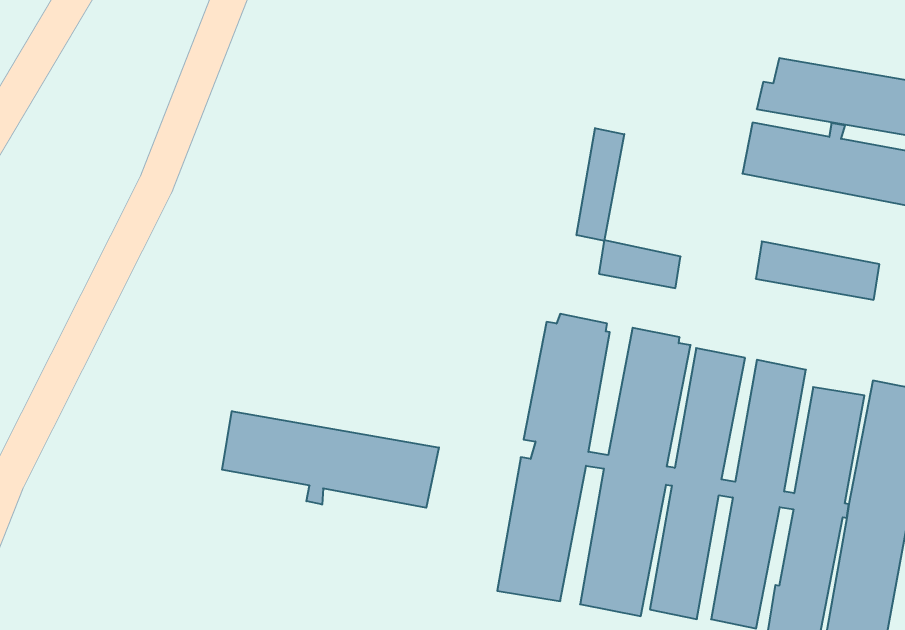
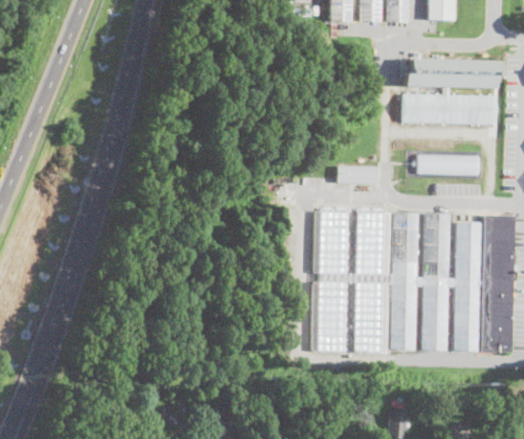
building: [577,128,624,241] -> none
building: [222,411,439,508] -> none

